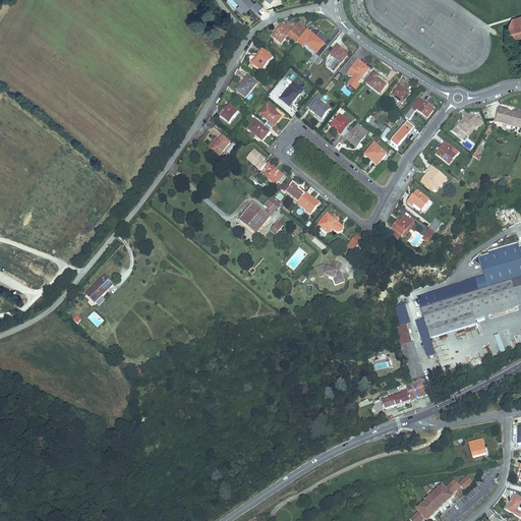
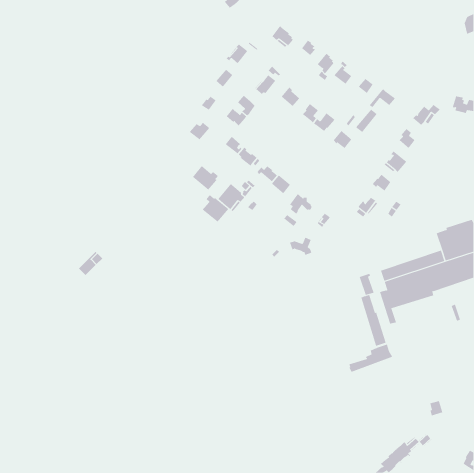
building: [272,21,306,42] -> none
building: none -> [192,165,219,191]
building: none -> [202,194,229,222]

